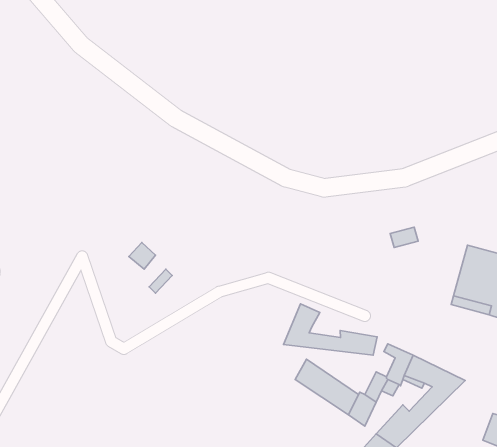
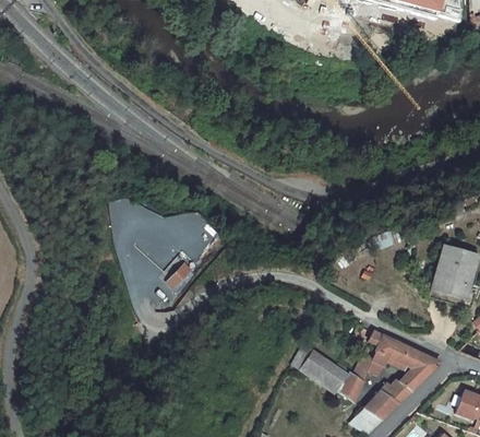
building: [284,304,377,355] -> none

